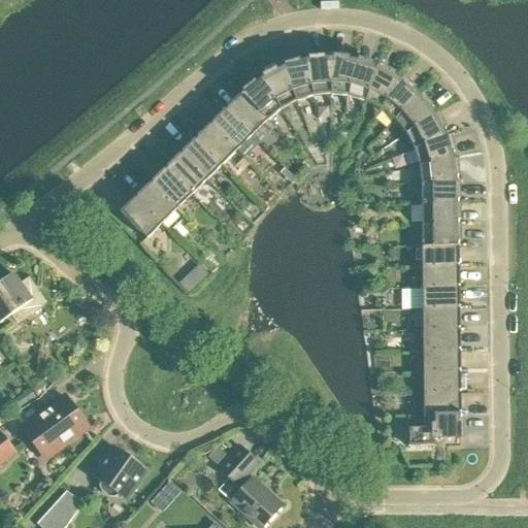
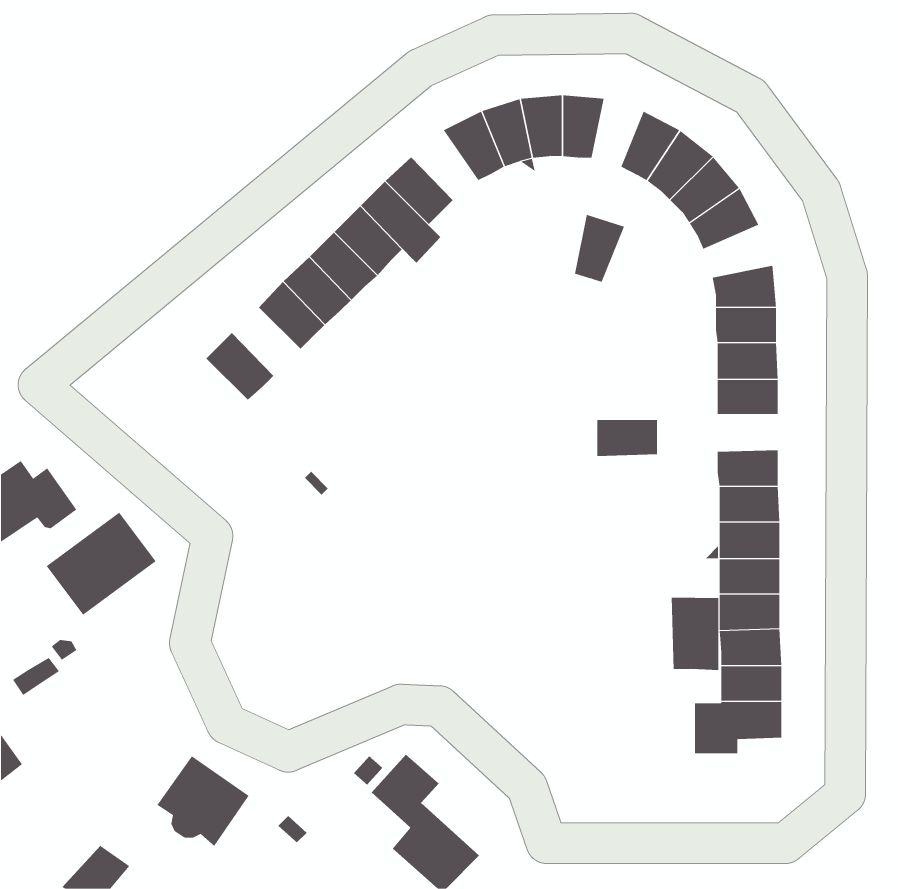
building: [348,58,377,98] -> [574,214,625,283]
building: [241,76,280,118] -> none
building: [412,132,454,163] -> none
building: [136,180,176,221] -> none
building: [421,243,457,265] -> [596,420,658,456]
building: none -> [671,597,719,671]
building: [22,394,87,455] -> [46,512,157,615]

